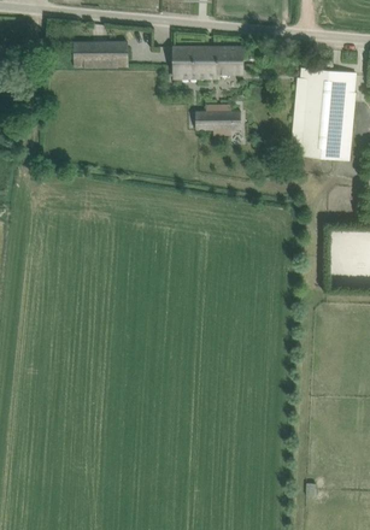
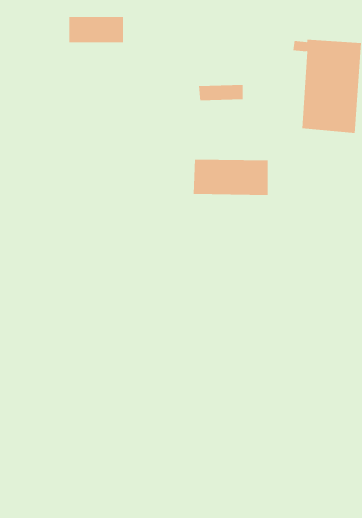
building: [169,42,241,77] -> [193,159,268,196]

